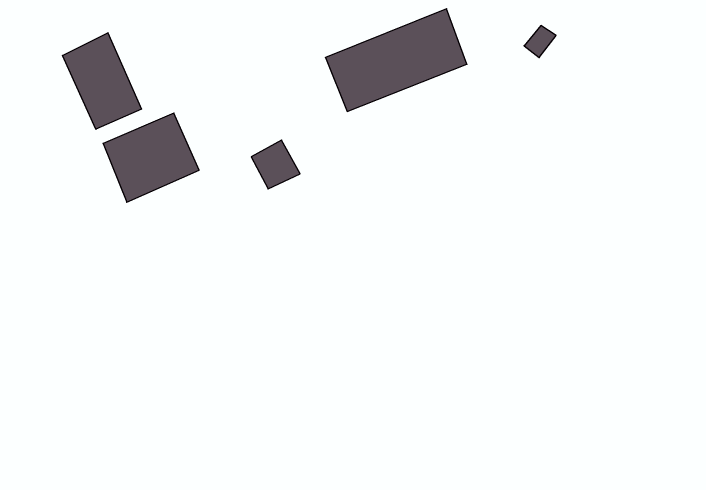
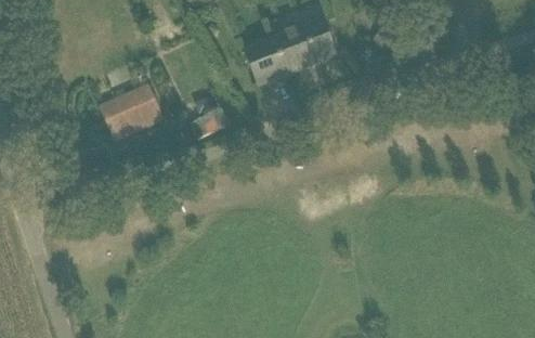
building: [63,33,142,129] -> none

